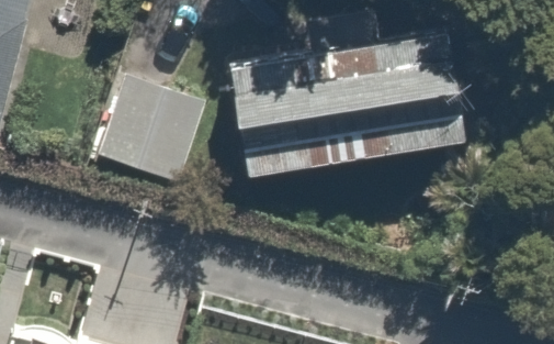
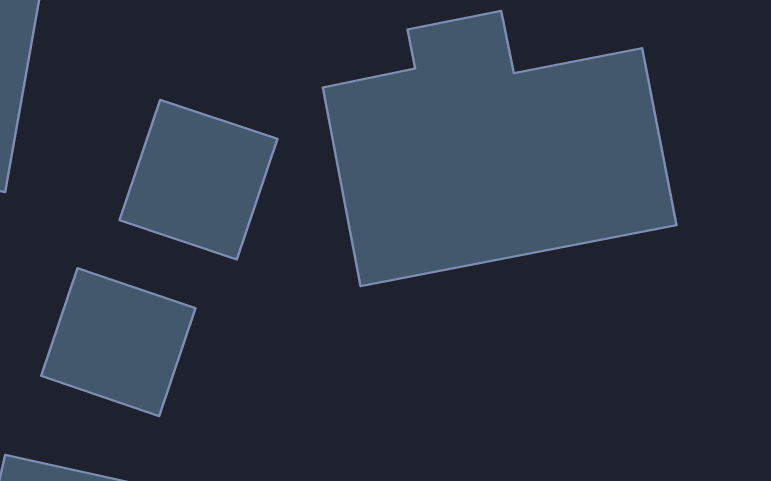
building: none -> [41,268,196,416]

